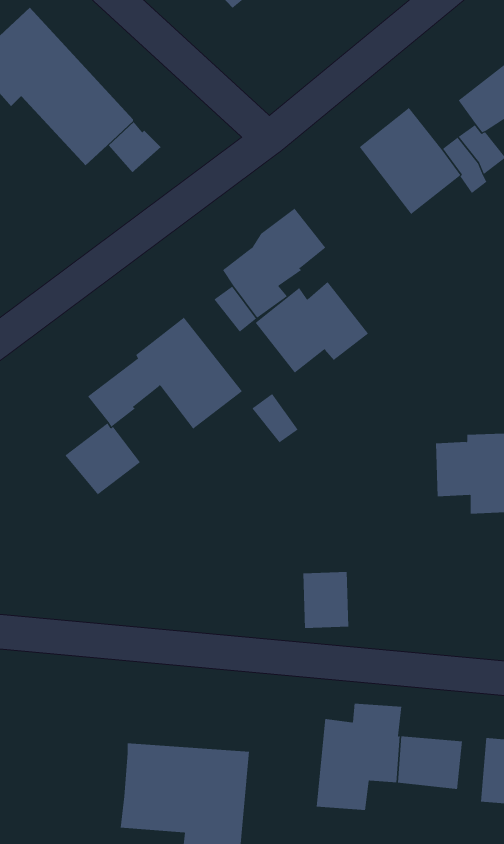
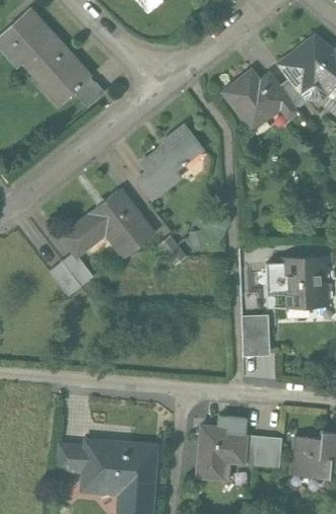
building: [255,281,369,374] -> none
building: [303,571,349,629] -> [243,319,270,353]
building: none -> [58,444,86,471]

